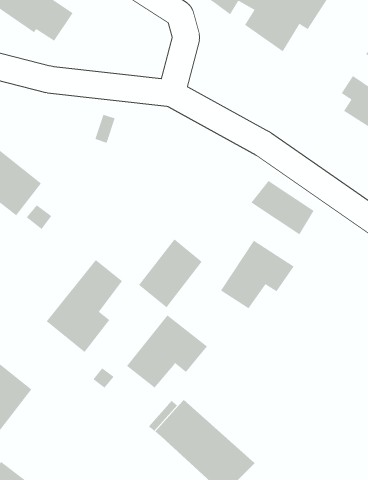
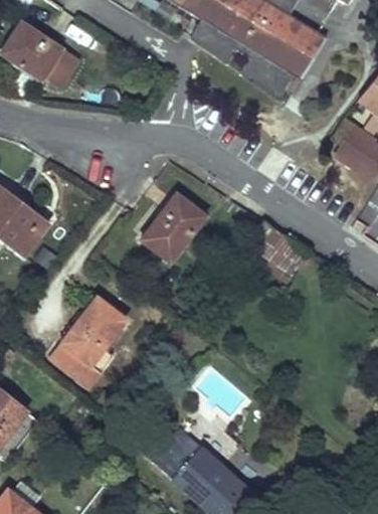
building: [138,239,203,308] -> [142,194,203,261]
building: [220,240,294,309] -> none
building: [126,315,208,388] -> none

